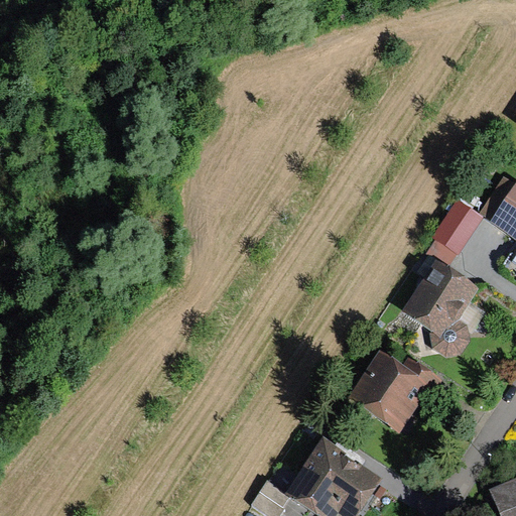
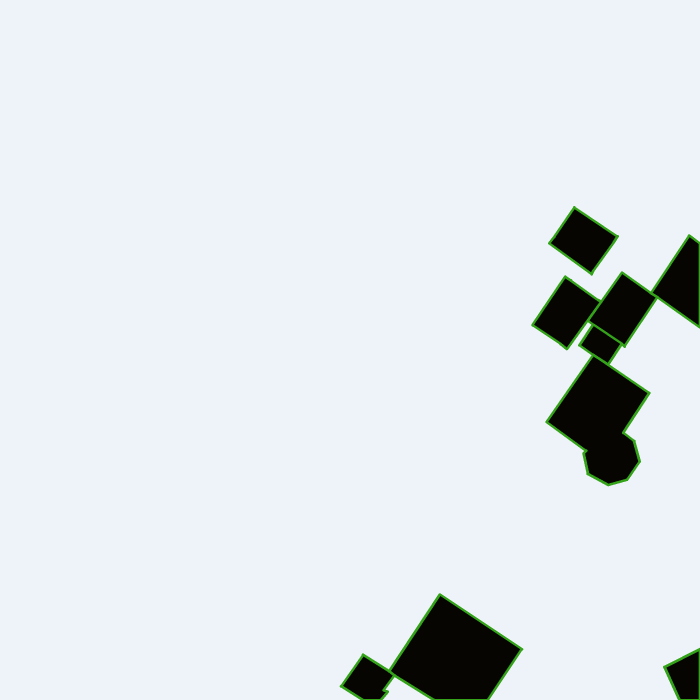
building: none -> [549,207,618,274]
building: none -> [533,277,601,349]
building: [348,350,446,433] -> none

